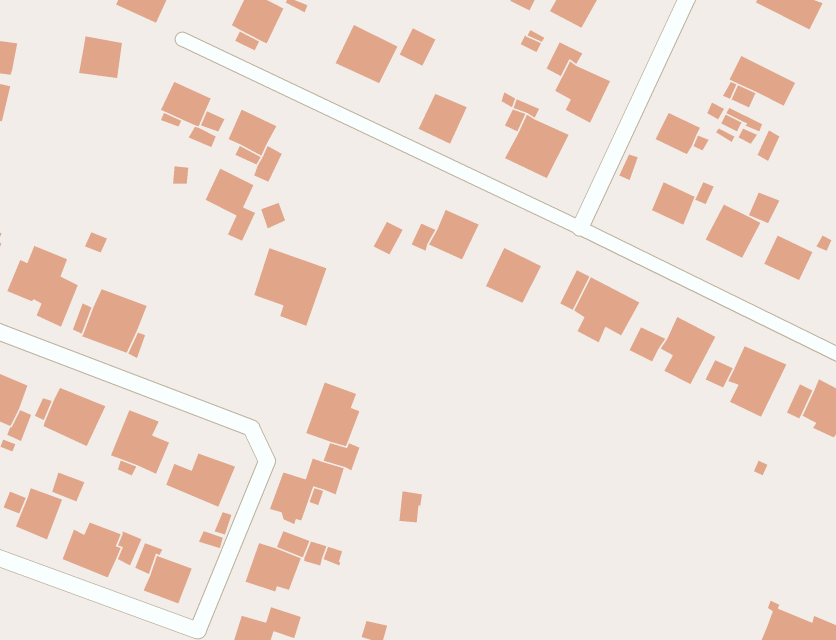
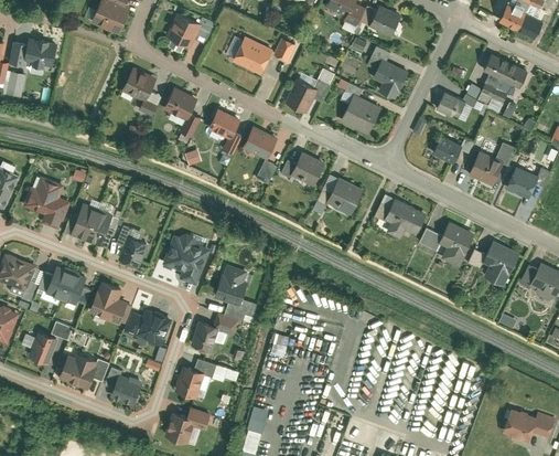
building: [78,35,123,79] -> [26,41,55,68]
building: none -> [241,125,278,160]
building: [204,167,256,242] -> [207,107,240,155]
building: [253,247,328,327] -> [162,233,209,284]
building: none -> [116,224,146,267]

